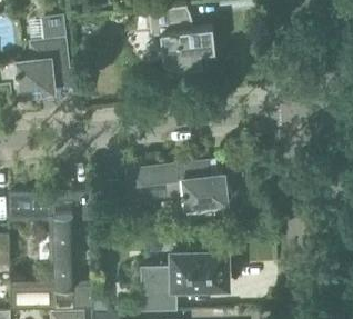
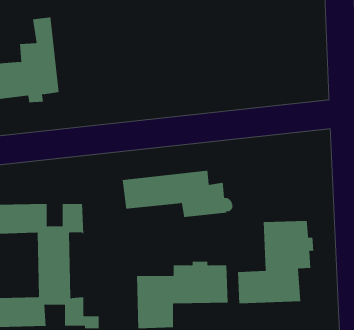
building: [149,9,215,71] -> none
building: none -> [238,220,314,304]

